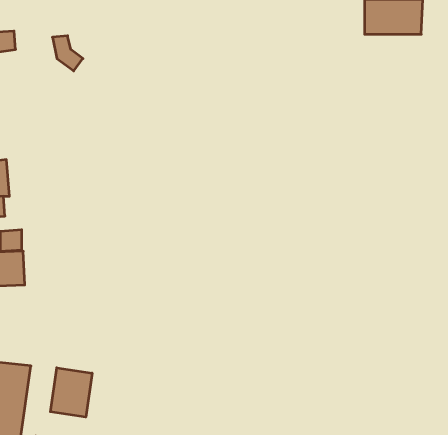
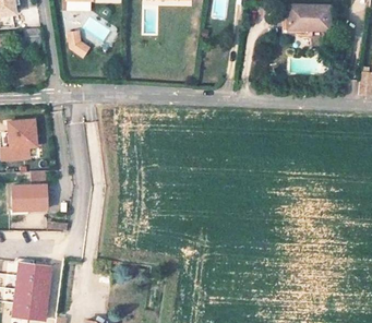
building: [50,368,92,417] -> none

